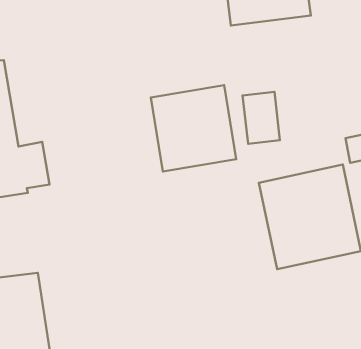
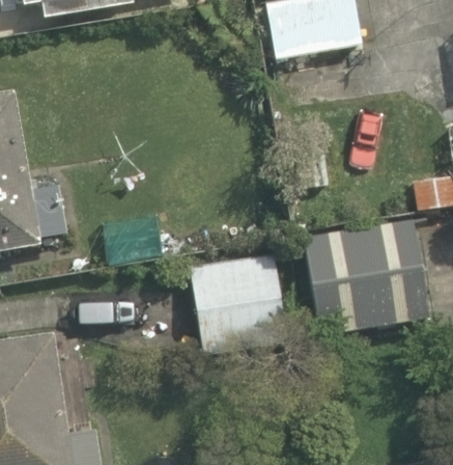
building: [151,85,236,171] -> none
building: none -> [188,254,288,356]

